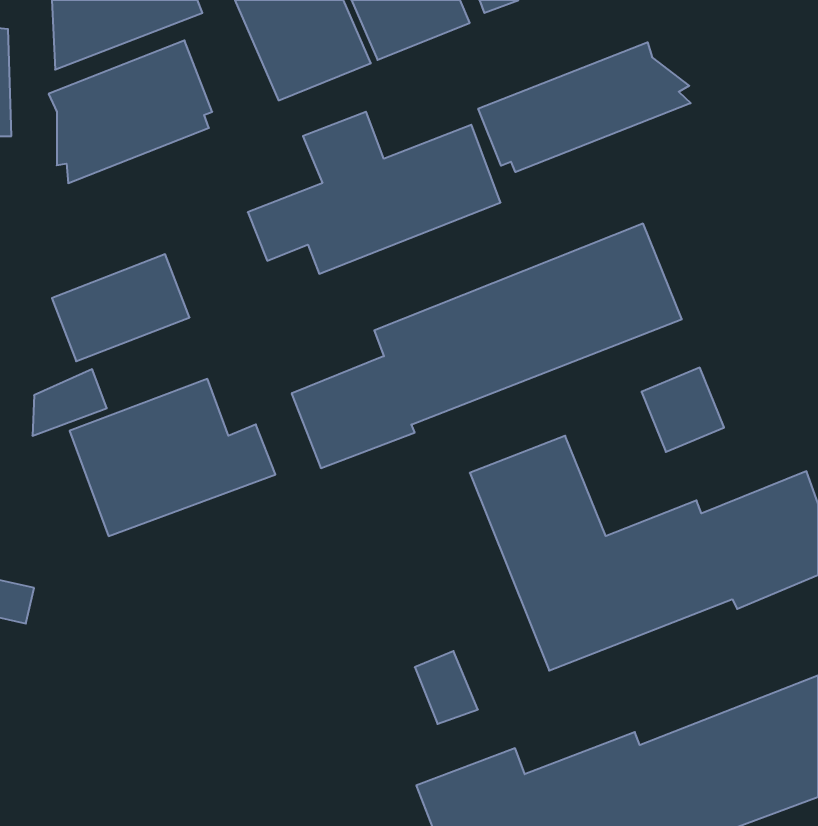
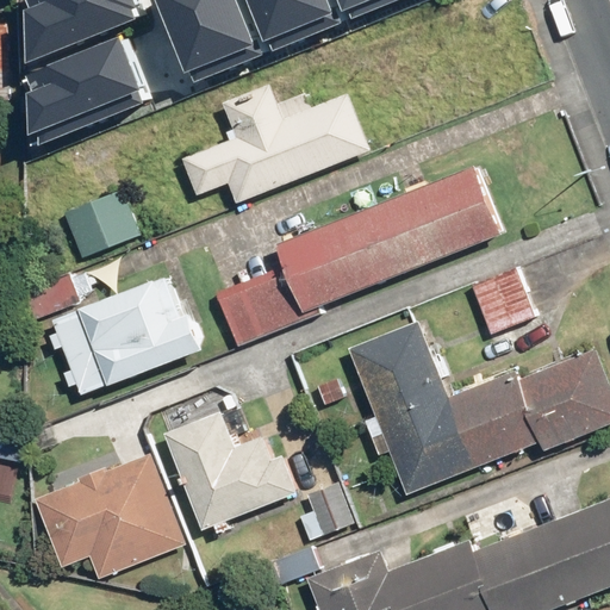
building: [478,42,691,172] -> none
building: none -> [162,411,297,530]
building: none -> [32,452,186,577]

